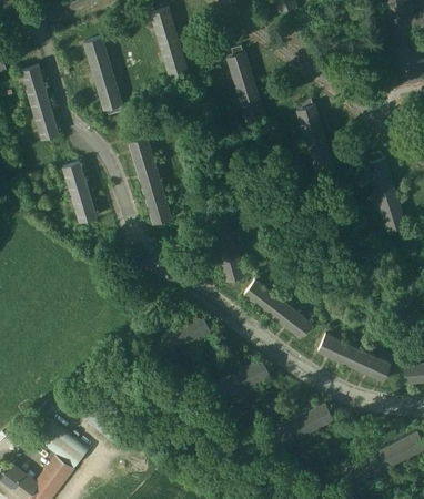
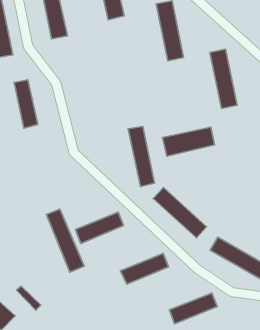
building: [130,136,171,223] -> none
building: none -> [163,127,214,156]
building: none -> [46,209,84,272]

